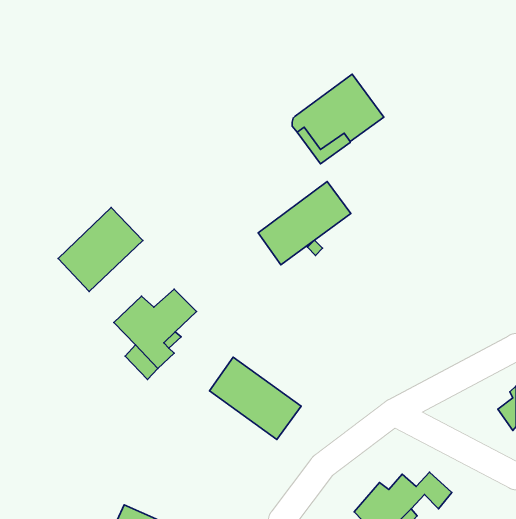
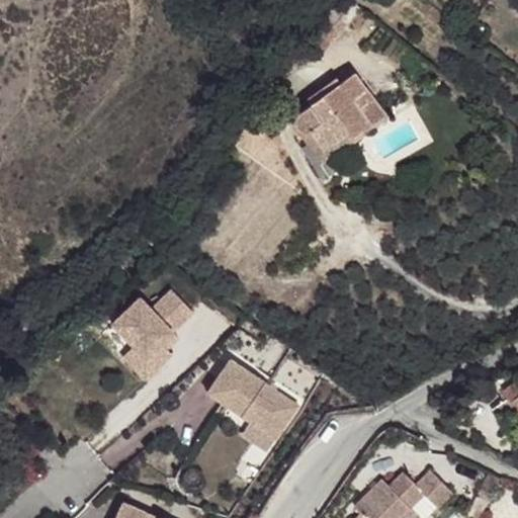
building: [258,182,351,265] -> none
building: [58,208,143,291] -> none

